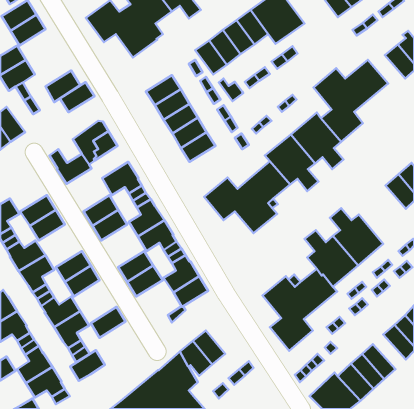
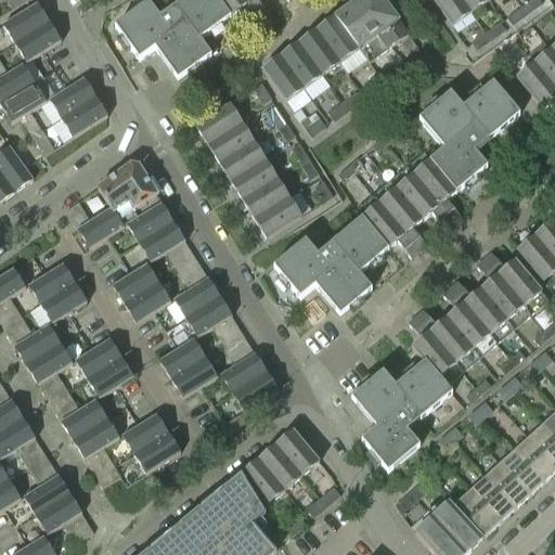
building: [60,82,95,112] -> [49,76,95,116]
building: none -> [119,195,171,238]
building: none -> [254,195,300,235]
building: none -> [476,250,547,326]
building: none -> [275,427,319,474]
building: none -> [499,448,543,494]
building: [70,350,105,381] -> [133,430,180,472]

